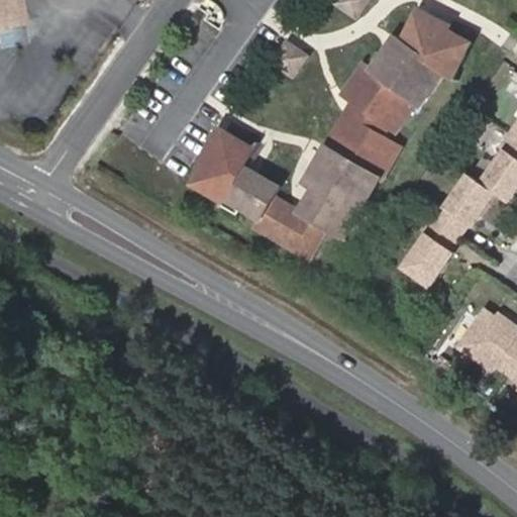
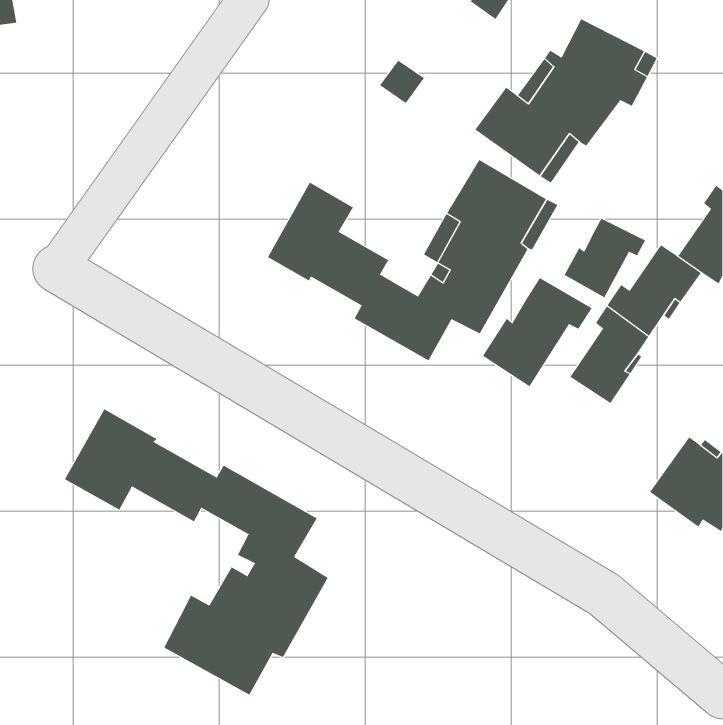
building: none -> [564,218,646,298]
building: none -> [482,277,593,387]
building: none -> [64,409,329,696]

